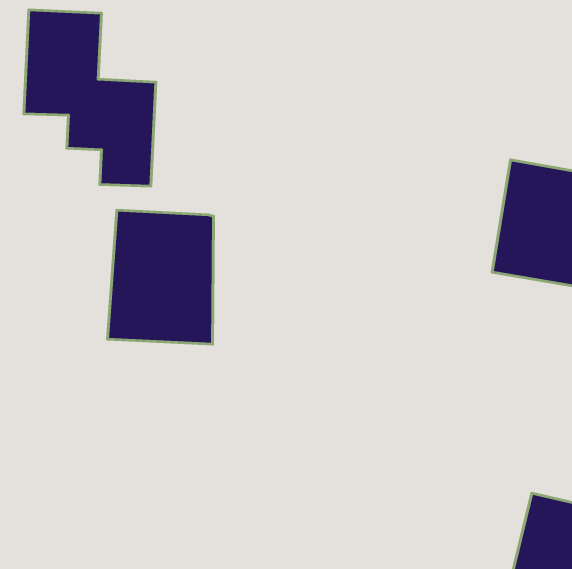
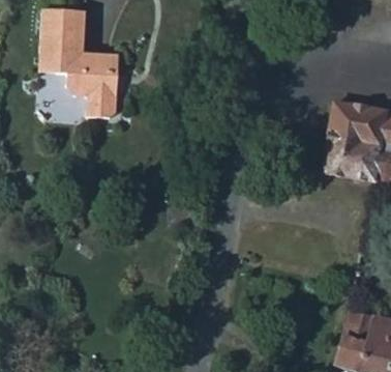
building: [108,210,214,344] -> none

